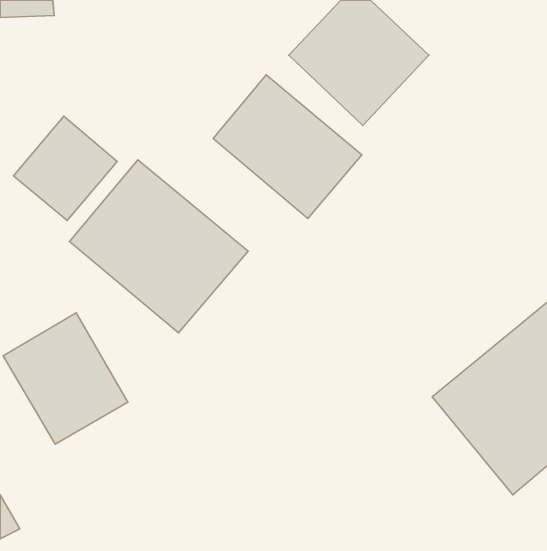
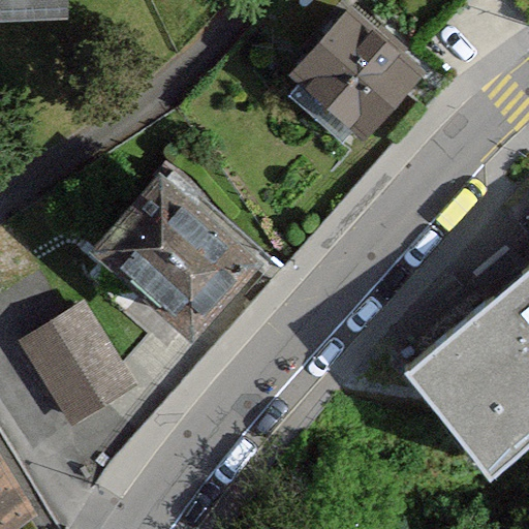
building: [213,75,362,218] -> none
building: [14,116,117,220] -> none

